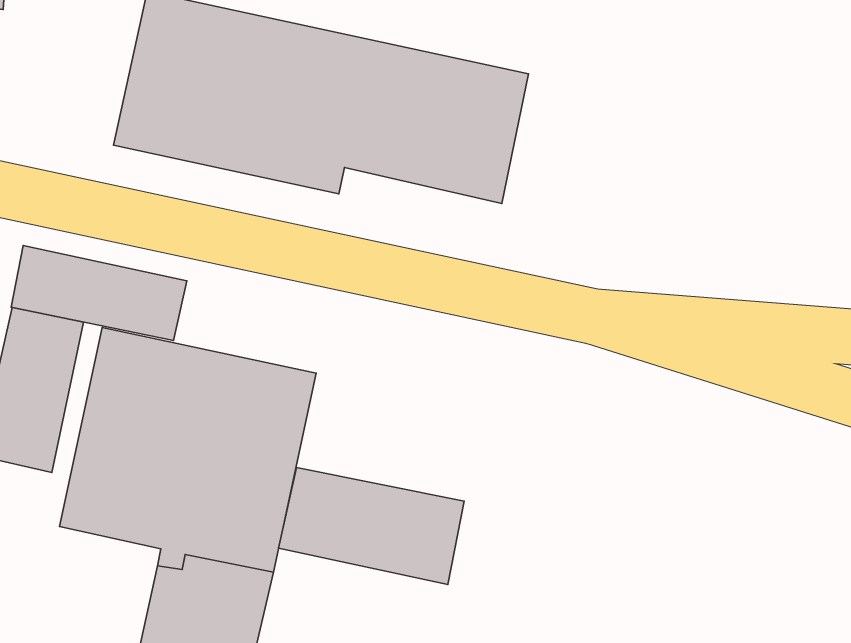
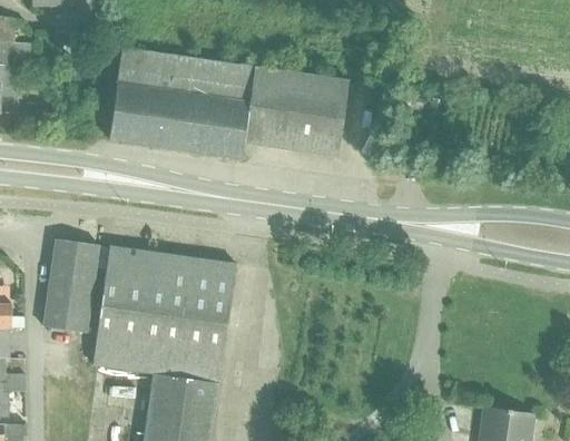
building: [11,245,187,340] -> none
building: [279,467,464,585] -> none

